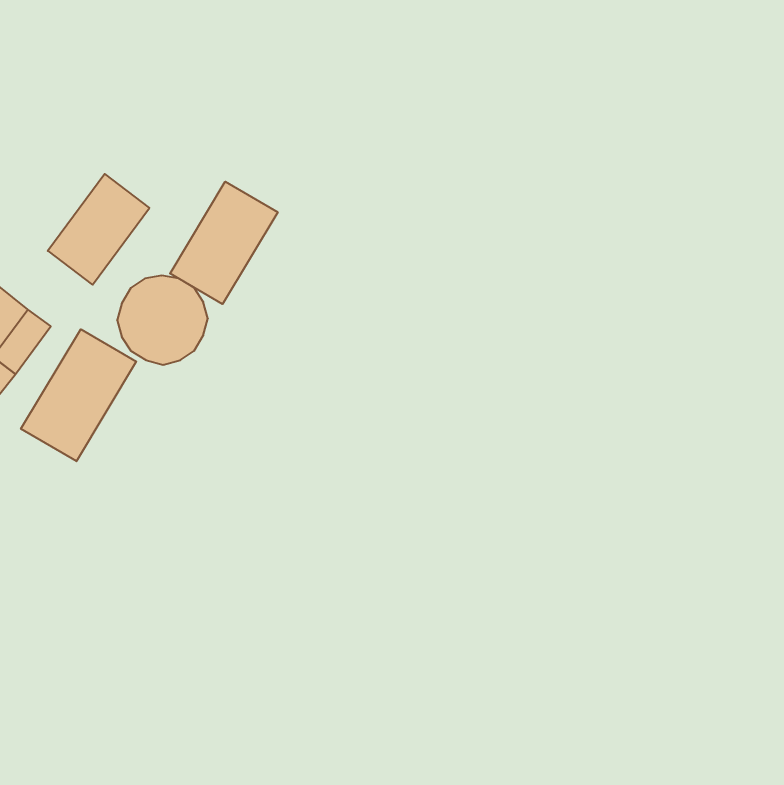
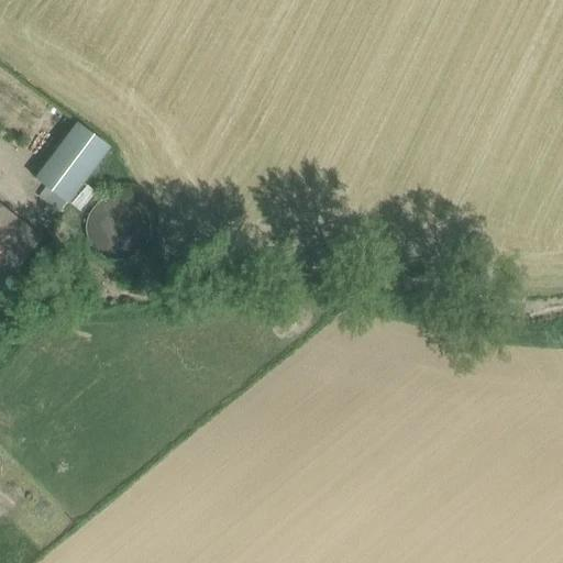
building: [170,182,278,304] -> none
building: [21,329,136,461] -> none

